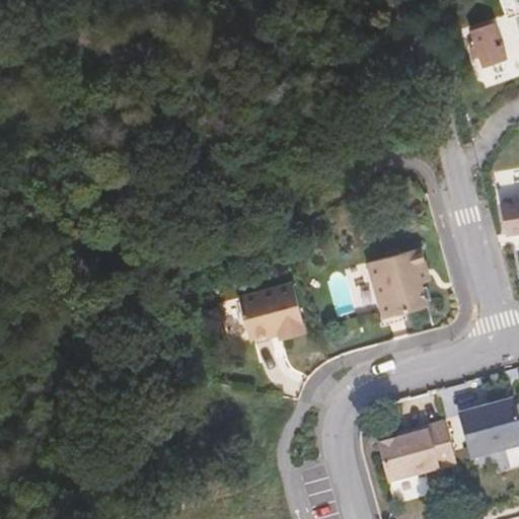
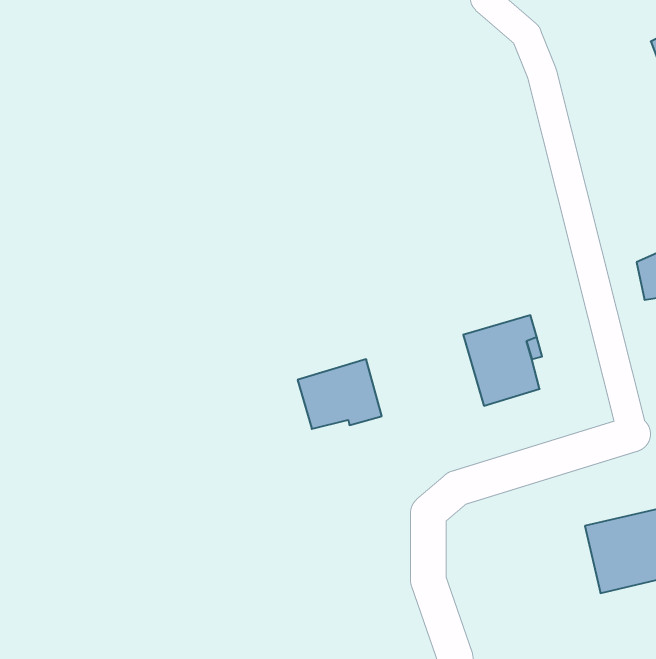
building: [465,21,508,67] -> none
building: [378,420,456,483] -> none

